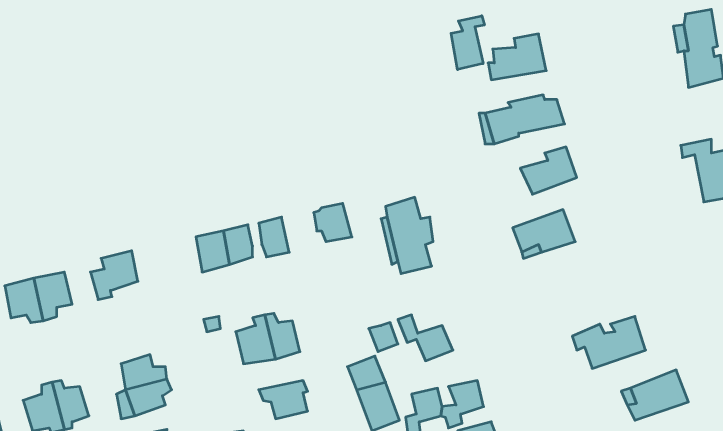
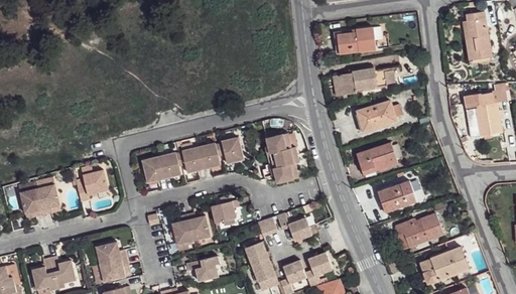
building: [451,16,484,70] -> none
building: none -> [201,142,223,170]
building: none -> [377,184,417,213]
building: none -> [213,197,241,222]

